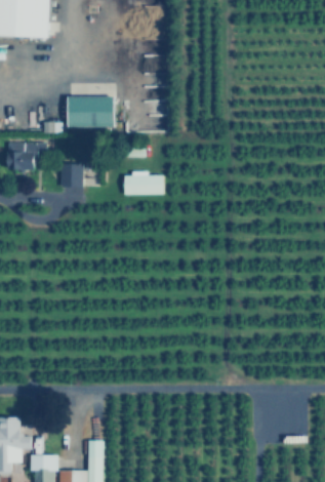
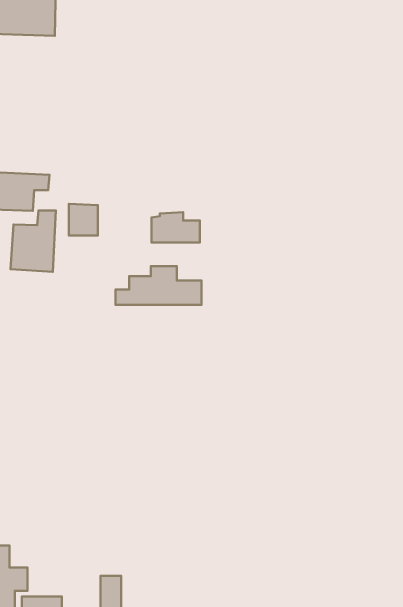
building: [71,95,118,127] -> none
building: none -> [11,210,56,272]
building: none -> [115,266,202,305]

